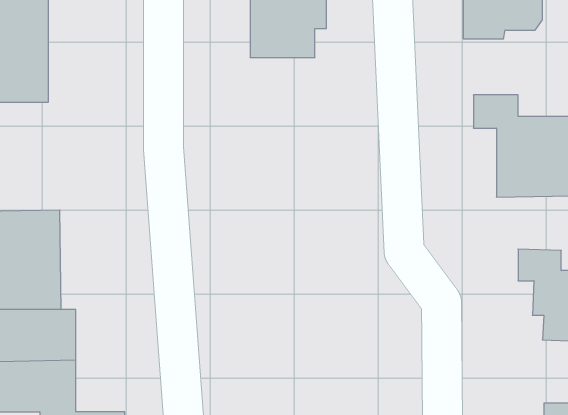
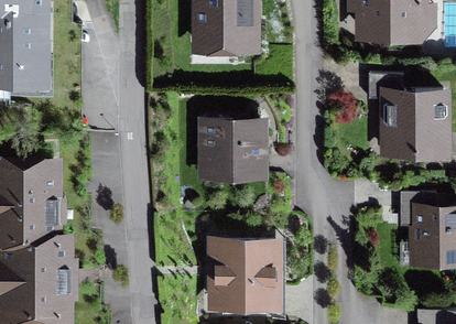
building: none -> [204,121,261,179]
building: none -> [215,244,273,306]

